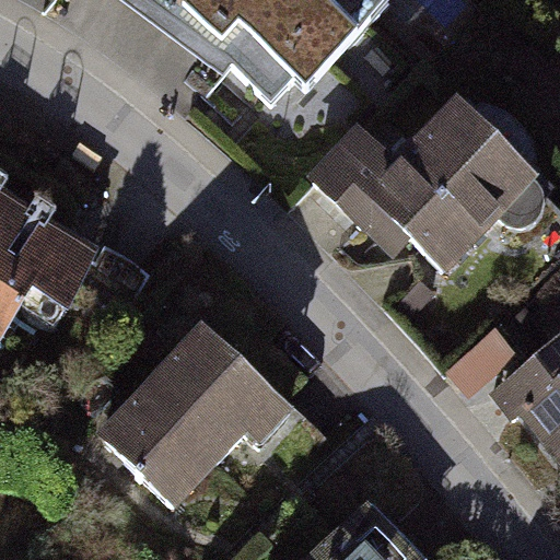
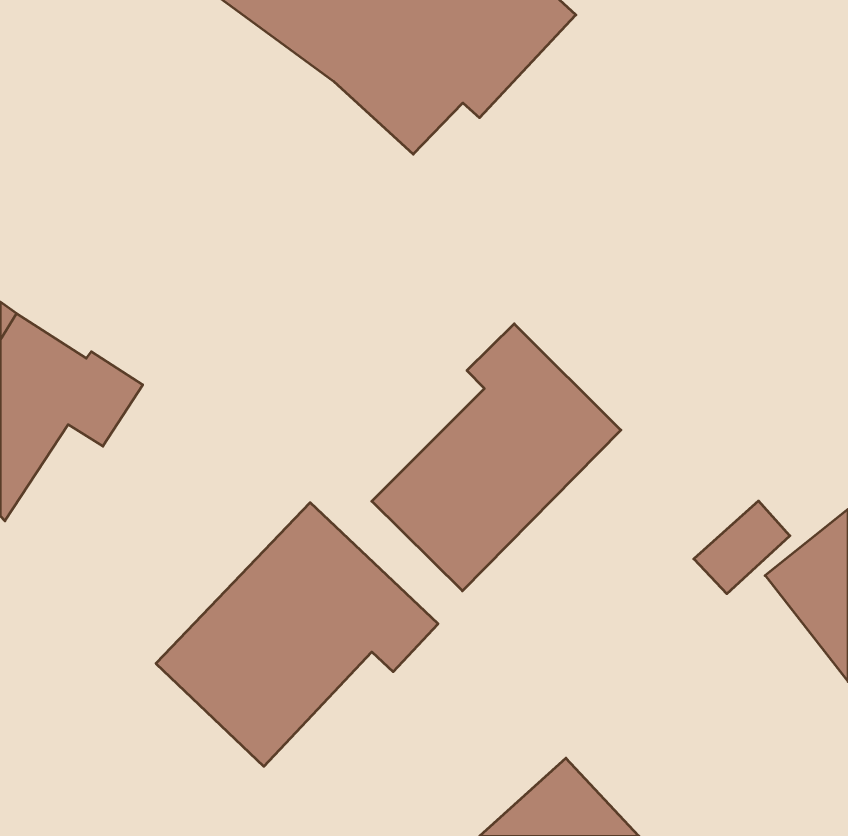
building: [314,97,540,267] -> none
building: none -> [372,324,621,591]

